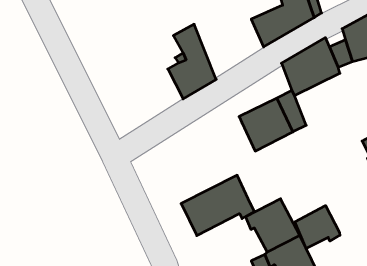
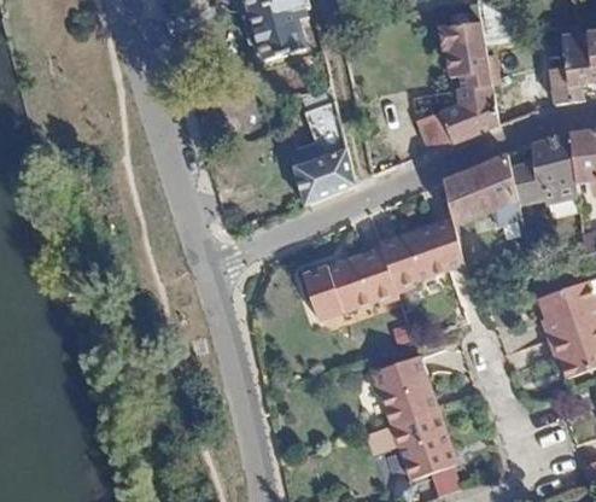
building: [181,175,254,236] -> [300,249,397,321]
building: [295,206,340,248] -> none

